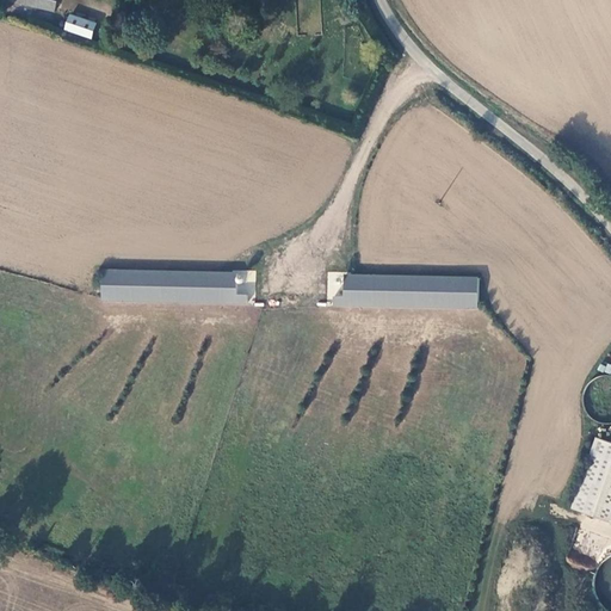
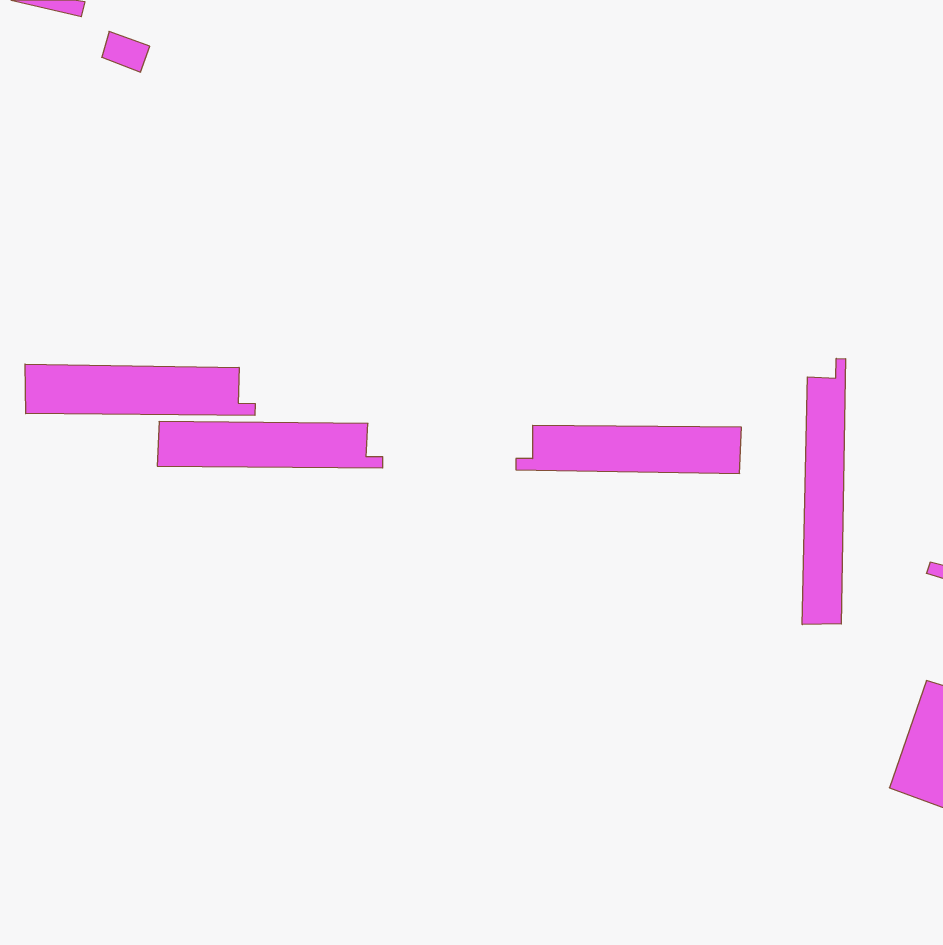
building: none -> [802,358,846,625]
building: none -> [25,364,255,415]

